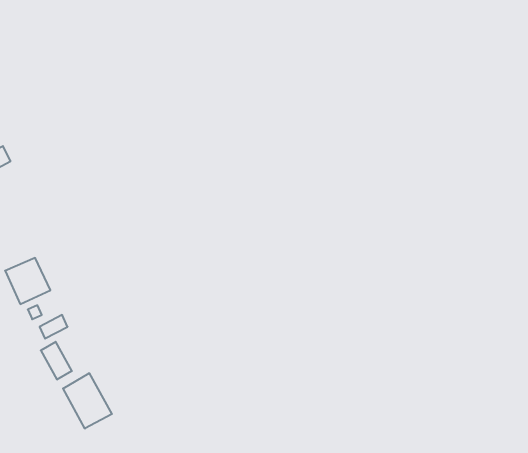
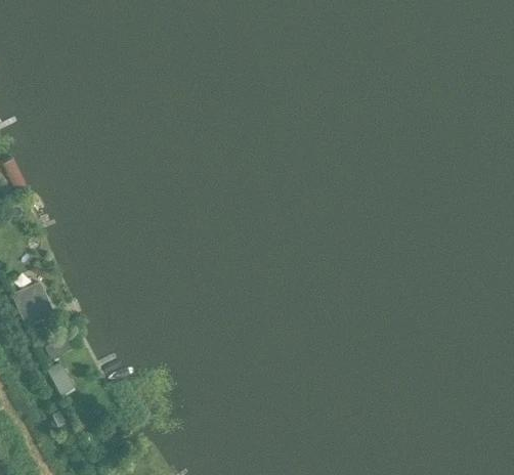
building: [63,373,112,429] -> none

